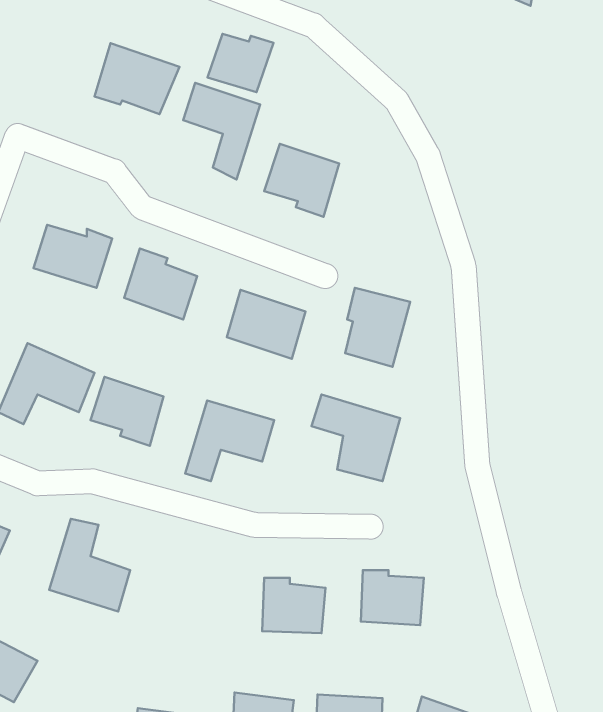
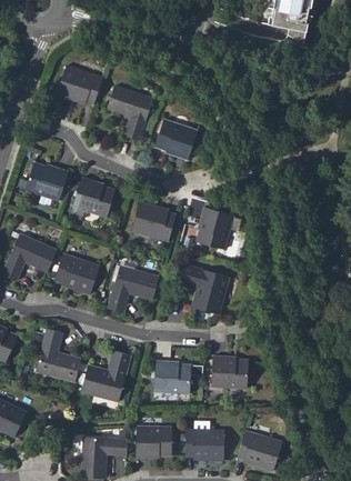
building: [207,34,273,92] -> none
building: none -> [78,355,126,403]

